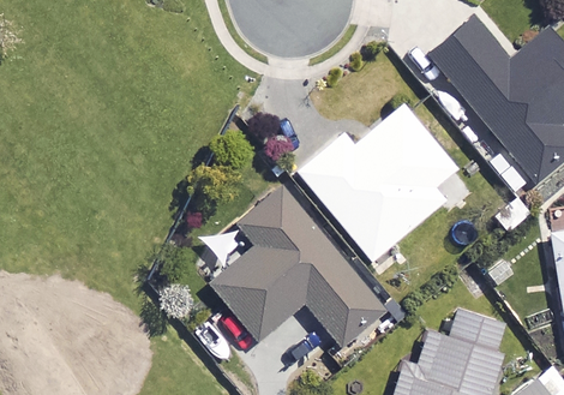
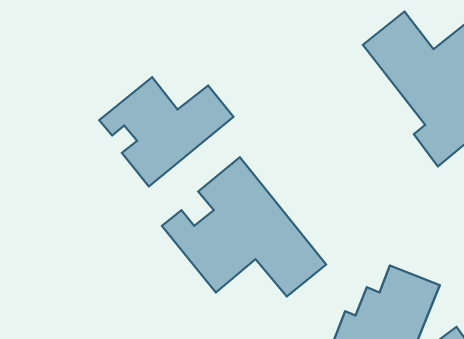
building: none -> [99,77,234,186]
building: [299,106,456,259] -> none

